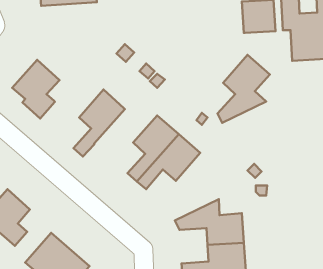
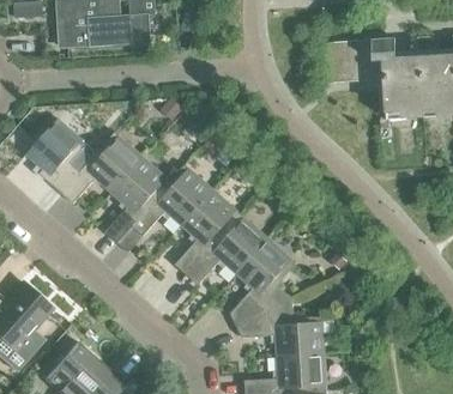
building: [218,55,270,123] -> [229,237,296,325]
building: none -> [61,131,143,202]
building: none -> [131,164,212,236]

